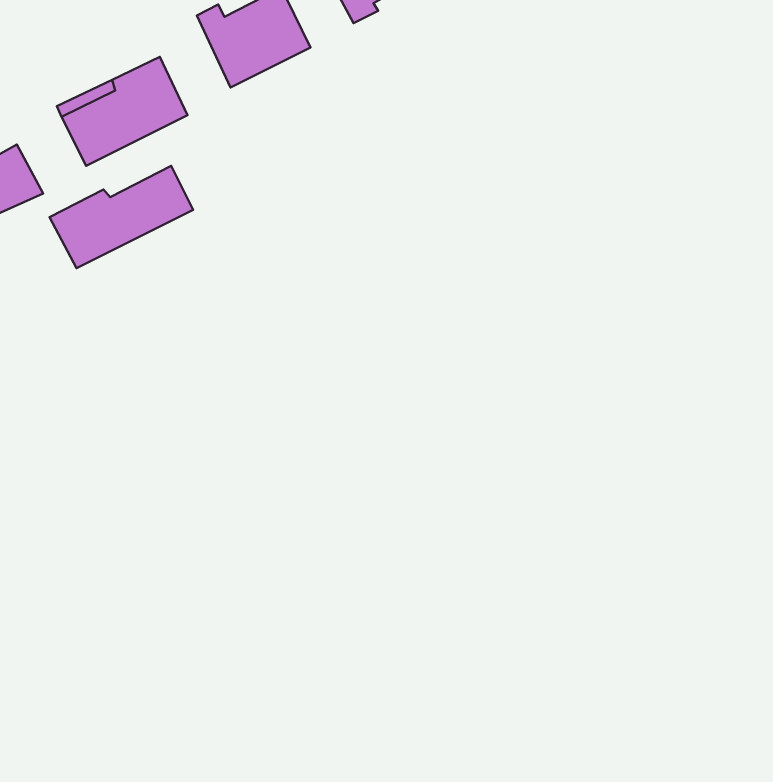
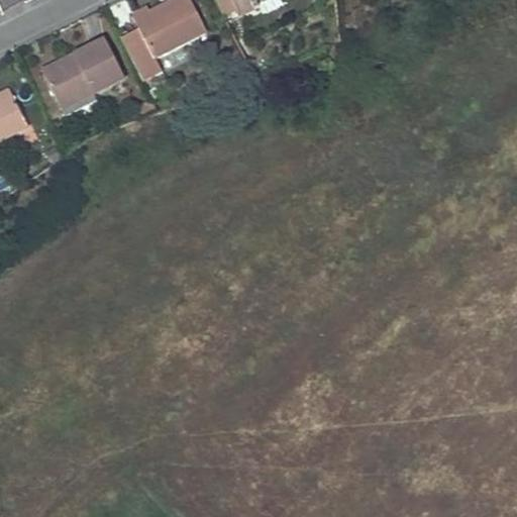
building: [49,166,193,268] -> none

